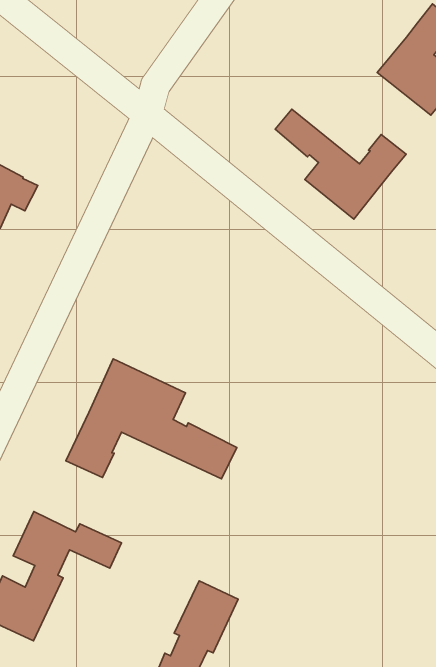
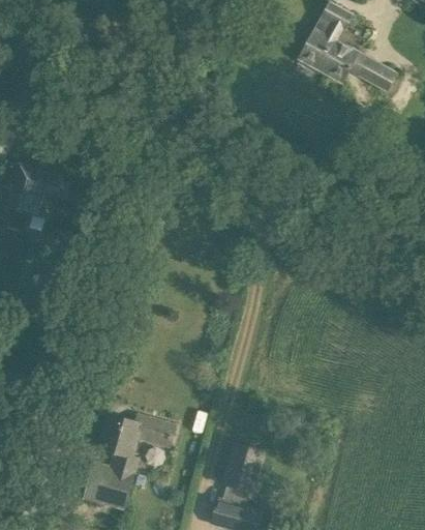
building: [275,109,406,219] -> none
building: [66,359,237,479] -> none

